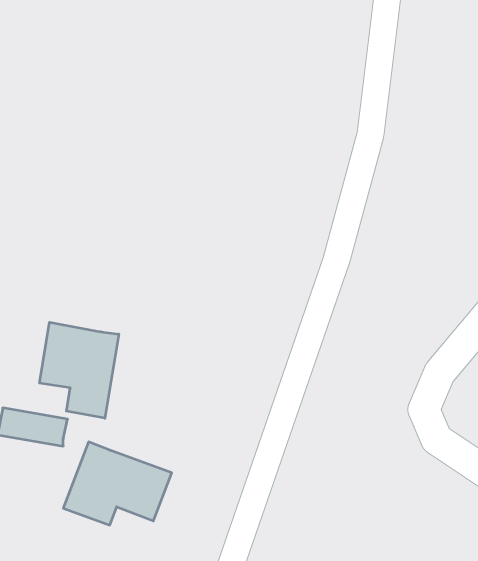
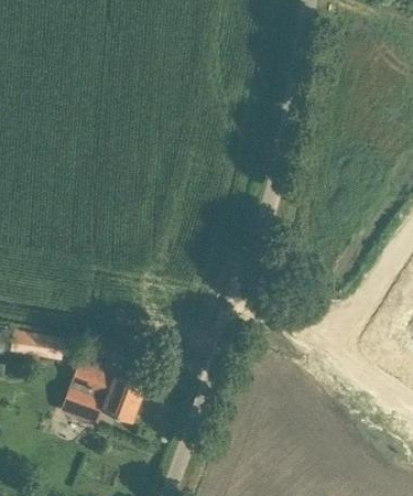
building: [40,322,119,418] -> none

